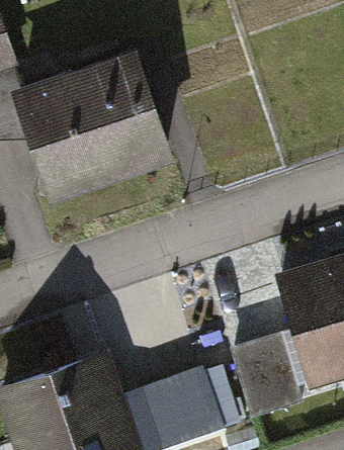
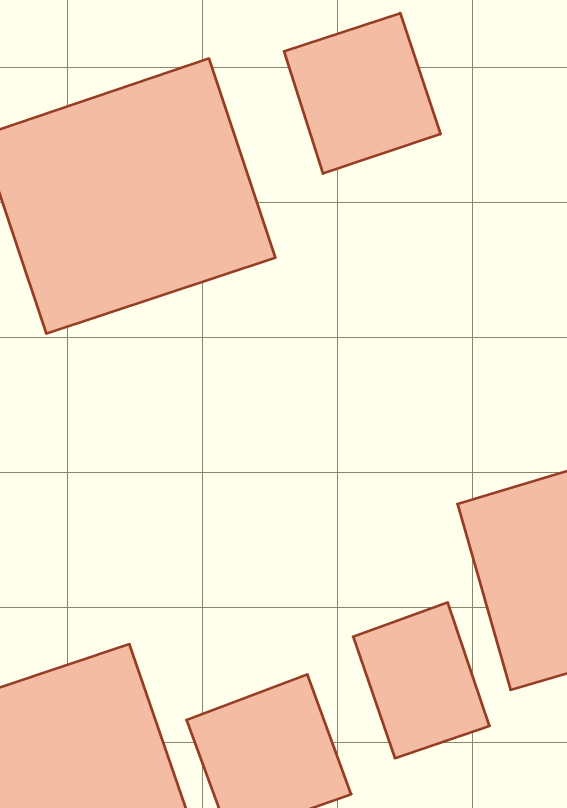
building: none -> [284,13,440,174]

